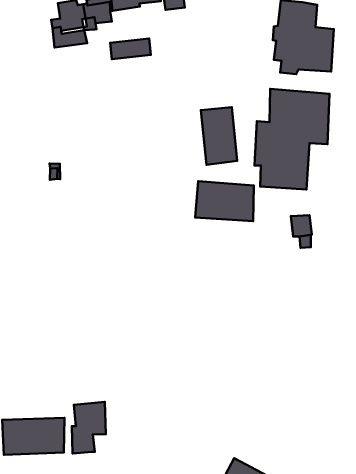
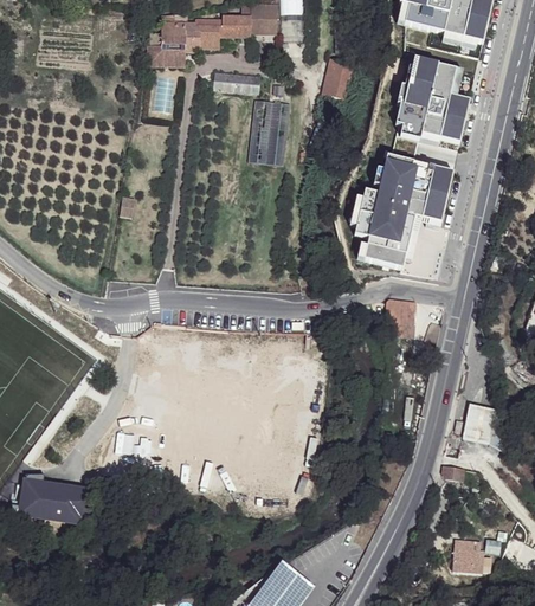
building: none -> [318,52,356,101]
building: [201,107,237,165] -> [251,95,290,159]
building: [195,181,254,221] -> none
building: [72,402,106,453] -> none

